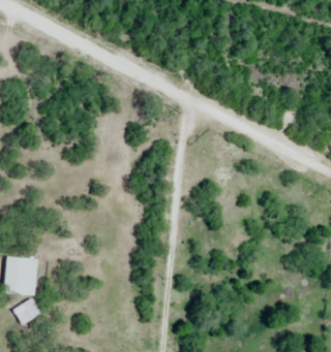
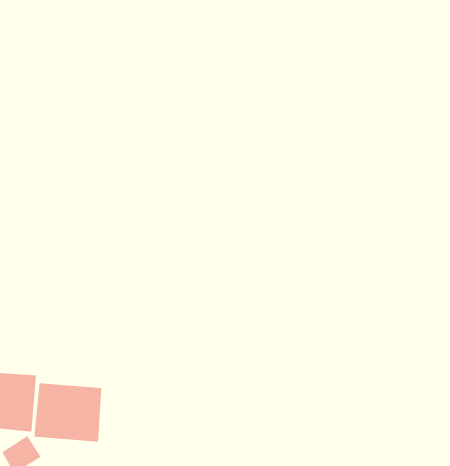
building: none -> [34,382,102,443]

